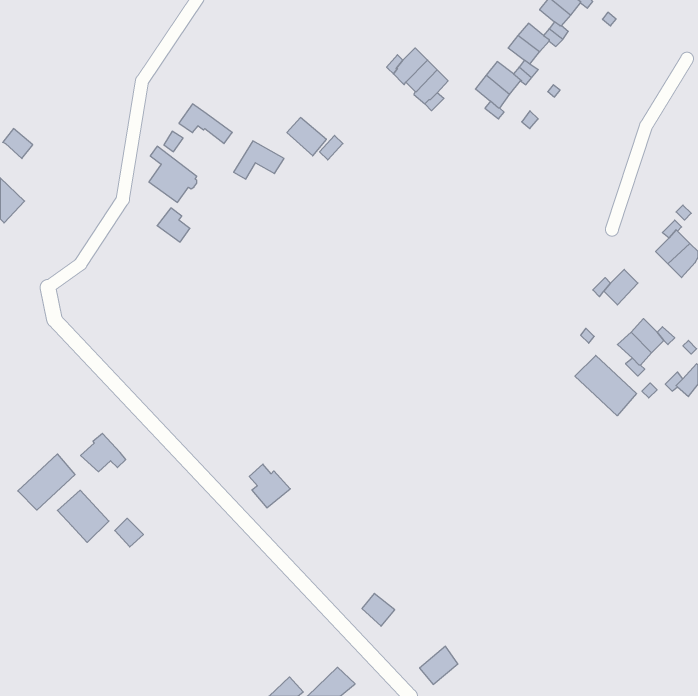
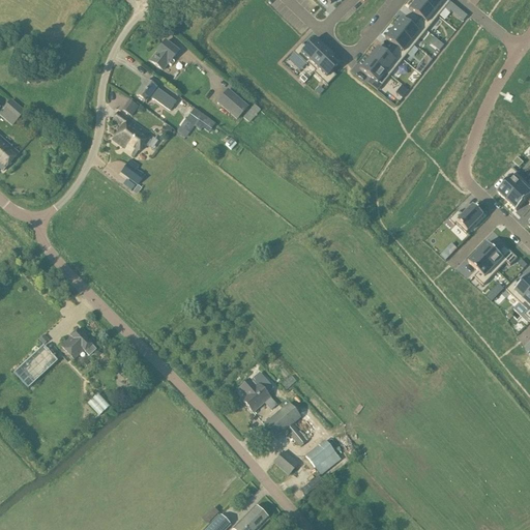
building: none -> [151,39,178,68]
building: [575,355,637,416] -> none
building: [249,464,290,508] -> [239,378,270,411]
building: [57,490,109,542] -> none
building: none -> [264,402,307,445]
building: [420,646,458,684] -> [305,438,334,467]

